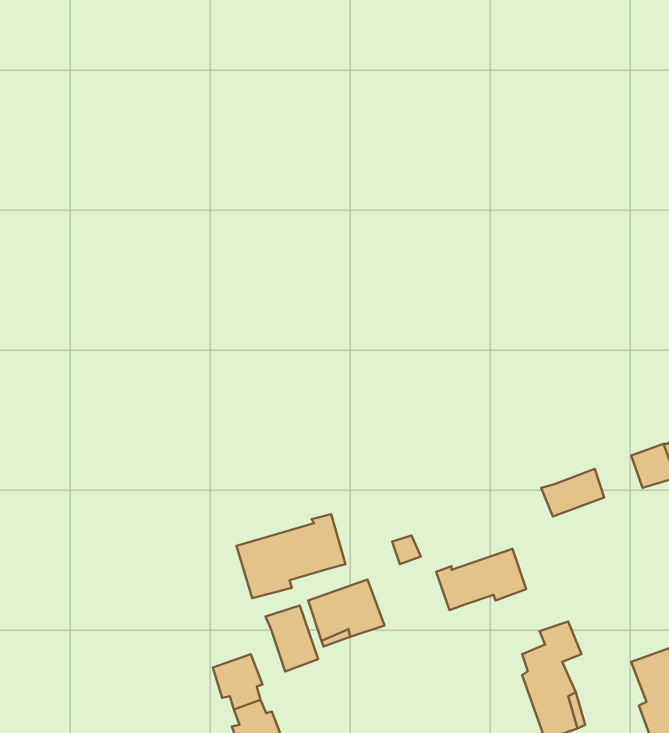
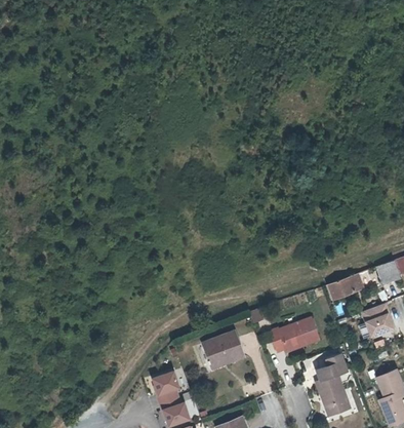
building: [236,514,346,598] -> none
building: none -> [361,303,392,336]
building: [265,605,318,672] -> none

